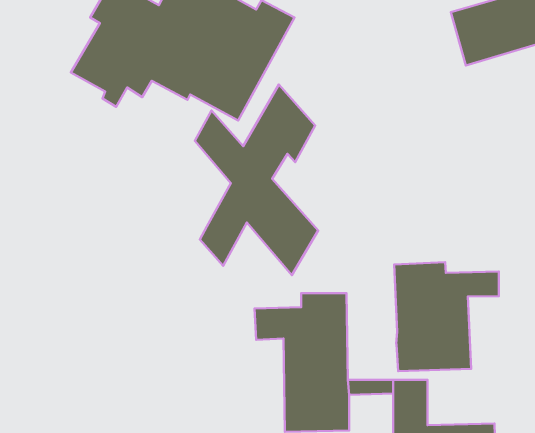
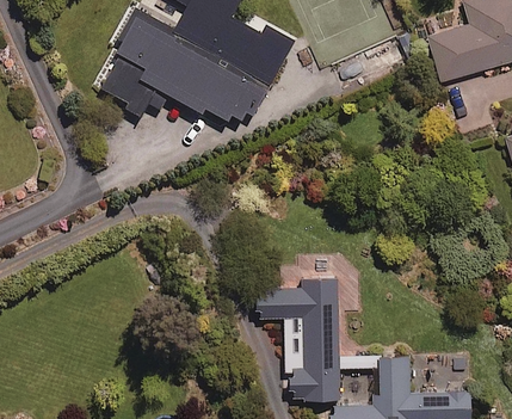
building: [195,84,318,275] -> none
building: [394,262,499,371] -> none

